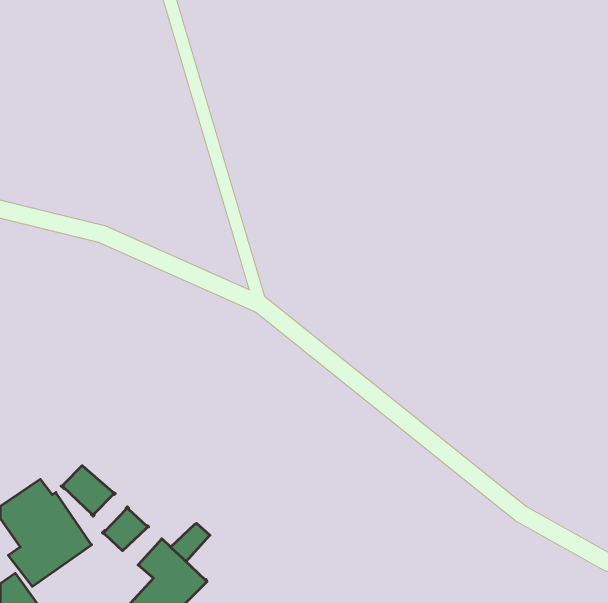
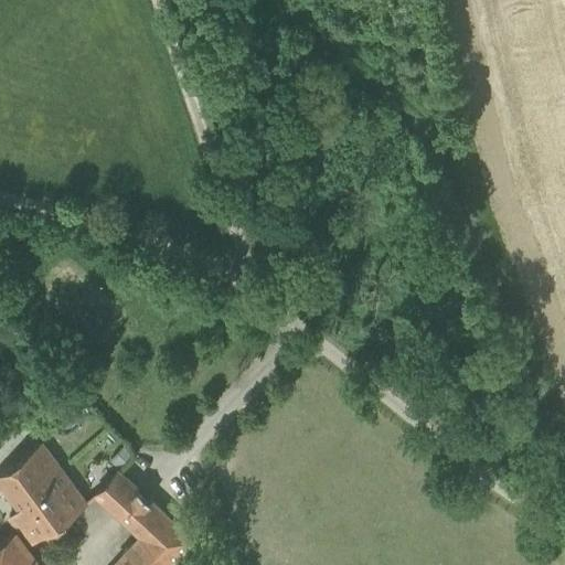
building: [61,466,115,516] -> none
building: [171,523,210,561] -> [114,493,150,529]

